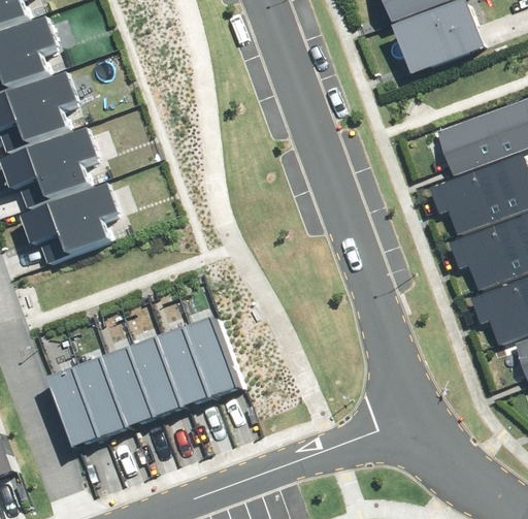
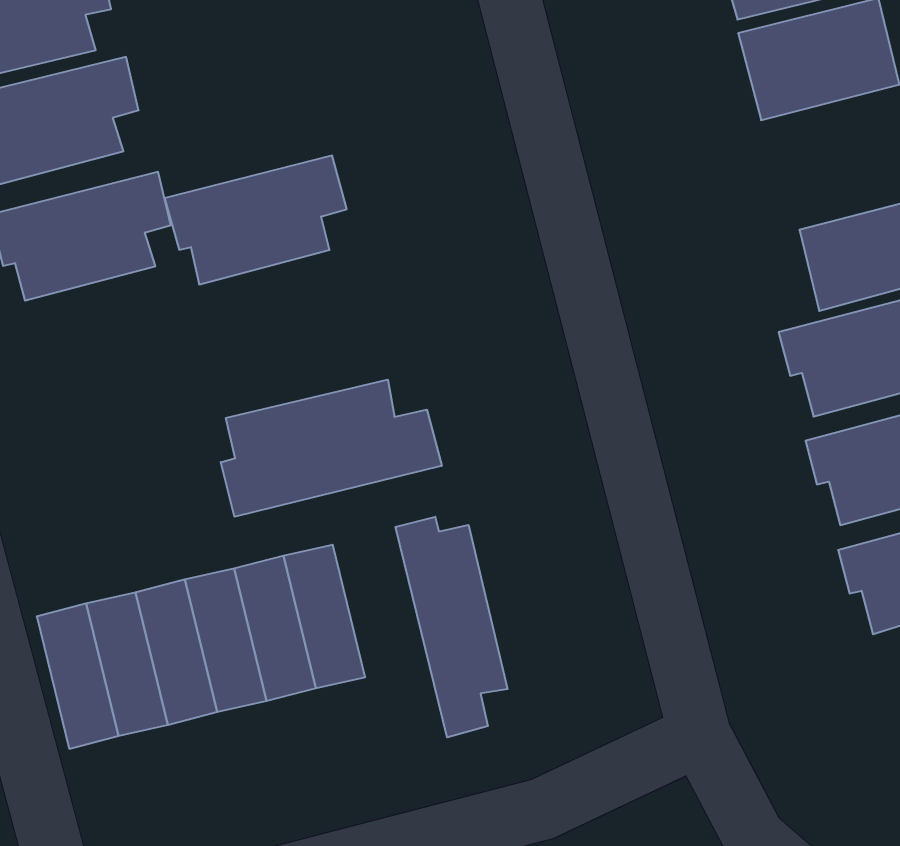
building: [22,186,120,261] -> [164,156,347,284]
building: none -> [221,380,442,517]
building: none -> [396,517,508,737]

